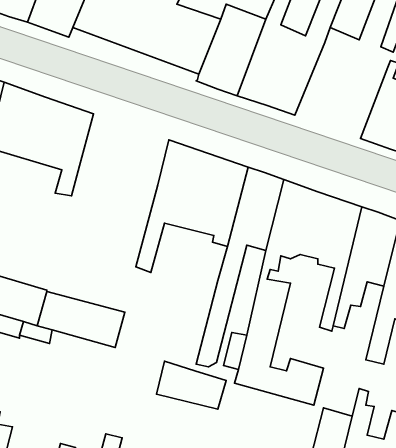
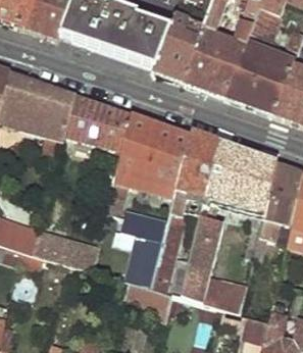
building: none -> [225,43,295,114]
building: none -> [65,96,132,149]
building: none -> [122,209,168,288]

